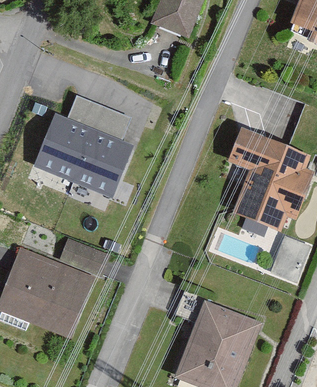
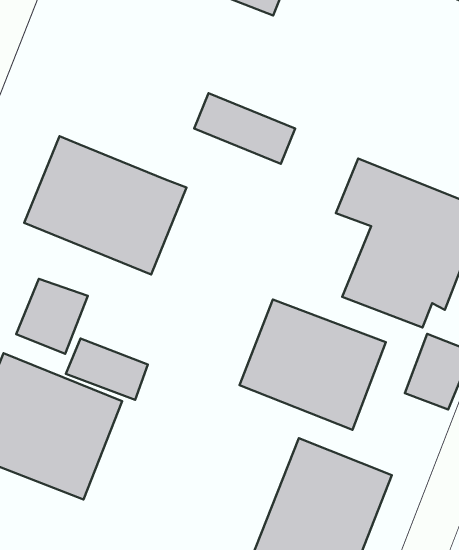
building: [67,95,130,139] -> [194,93,295,164]
building: none -> [16,279,88,354]
building: none -> [239,300,386,430]

